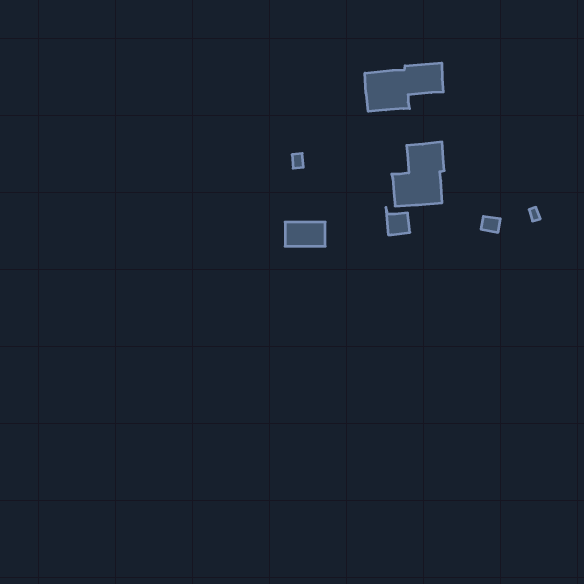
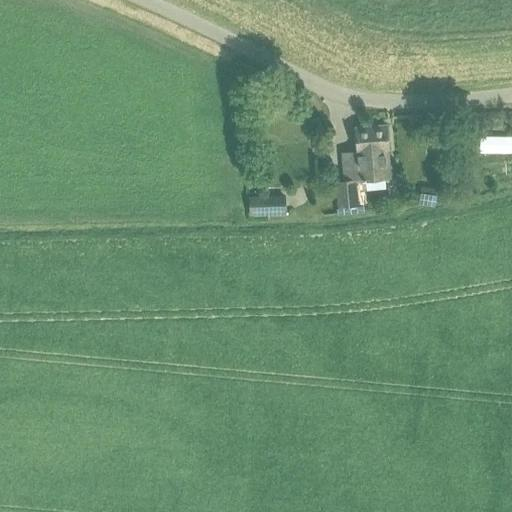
building: [365,63,443,111] -> none

